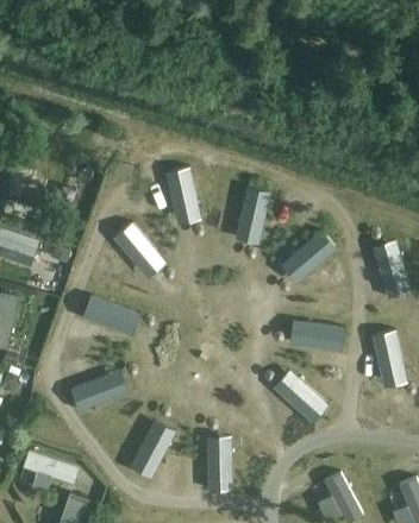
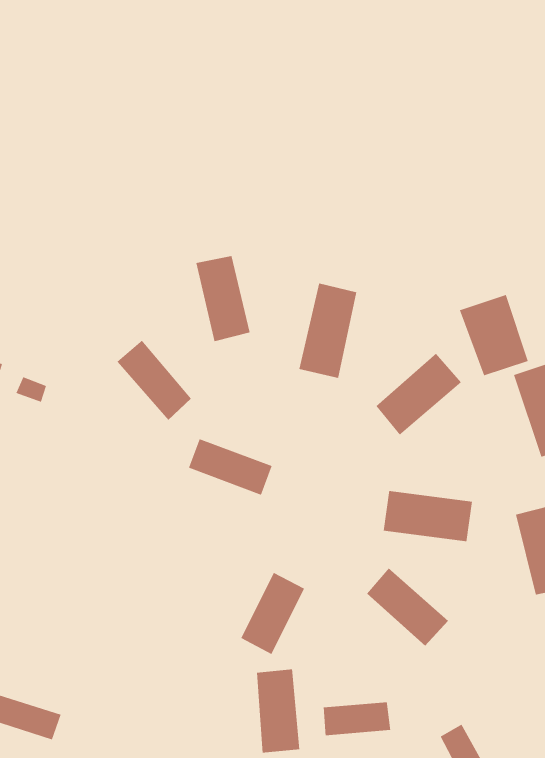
building: none -> [459,294,529,376]
building: [85,298,139,335] -> [188,438,272,495]
building: [71,374,127,410] -> none
building: [130,422,171,475] -> [240,572,305,655]
building: none -> [323,701,391,736]

